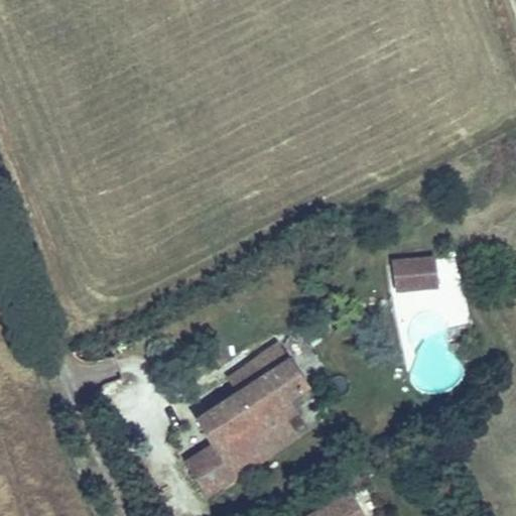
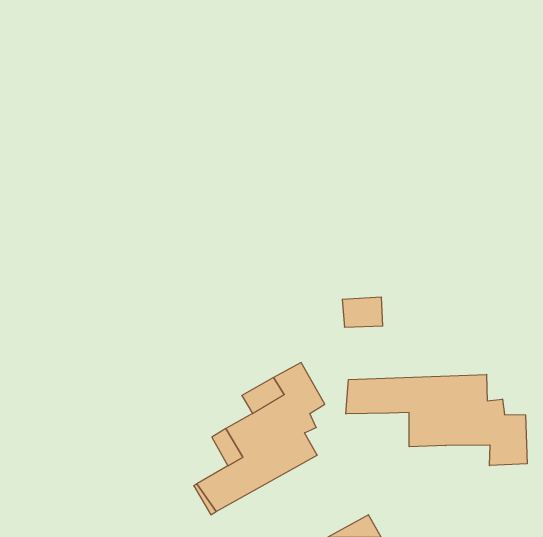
building: [391,261,429,289] -> [342,297,383,327]
building: none -> [346,374,527,466]

